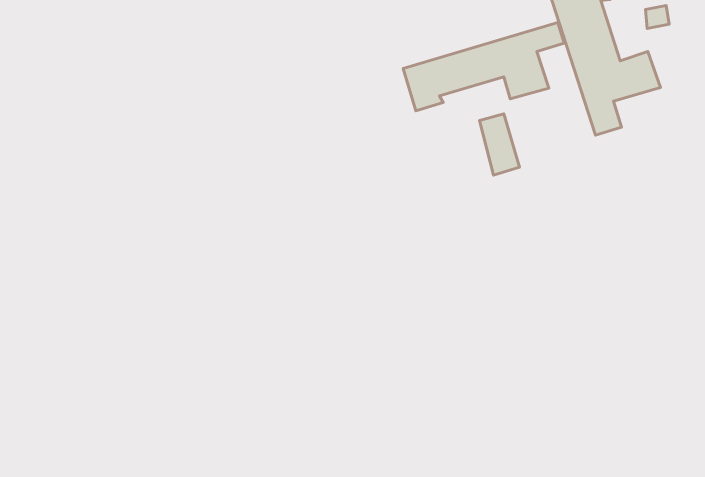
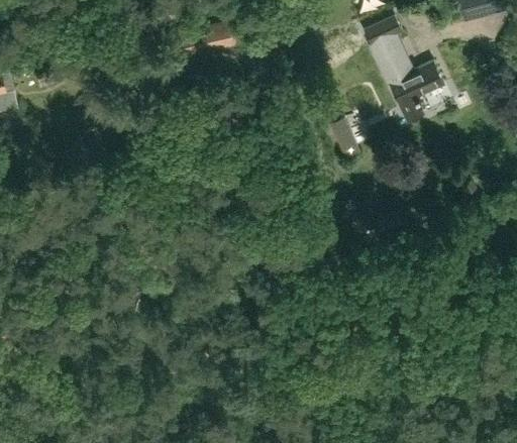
building: [403,23,564,111] -> none

